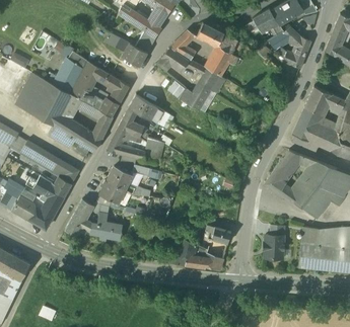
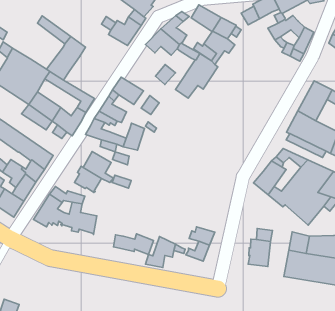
building: [53,60,82,91] -> none
building: [84,69,130,115] -> none
building: [187,253,223,271] -> [114,234,154,254]

